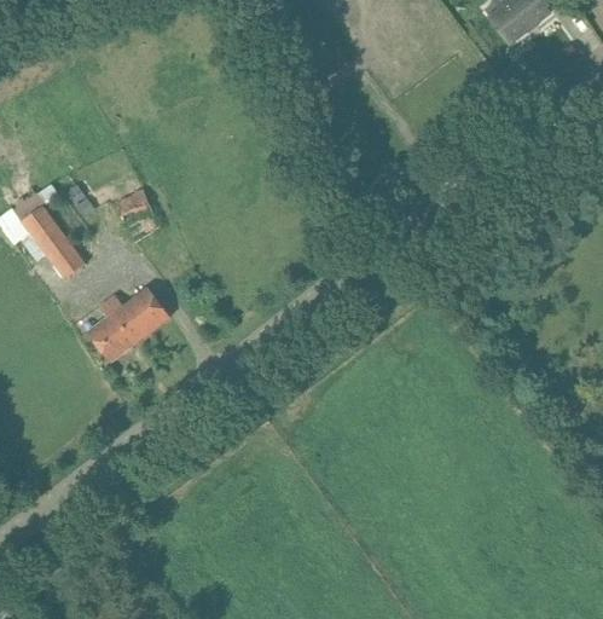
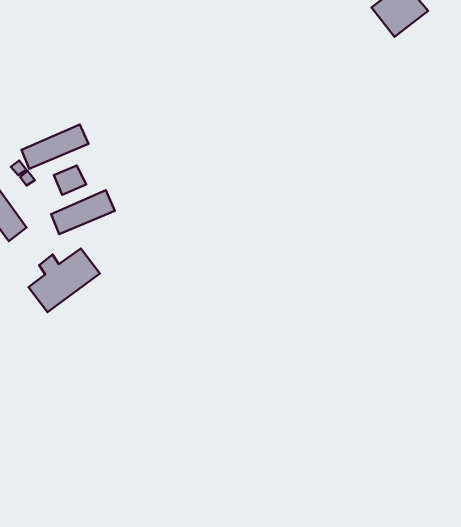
building: none -> [21,124,88,169]
building: none -> [51,190,115,234]

